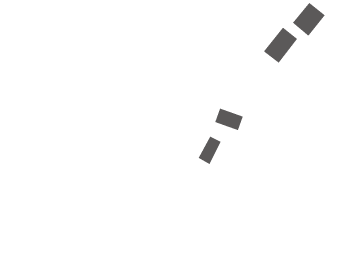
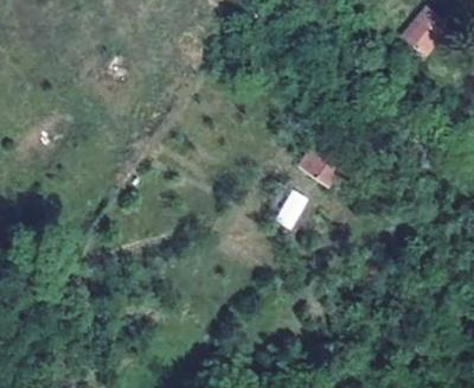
building: [263,27,298,64] -> none

